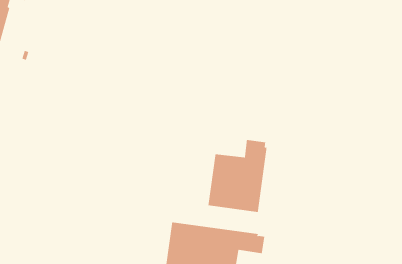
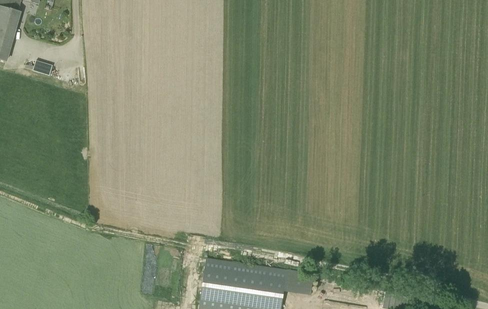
building: [208,139,267,213] -> none

